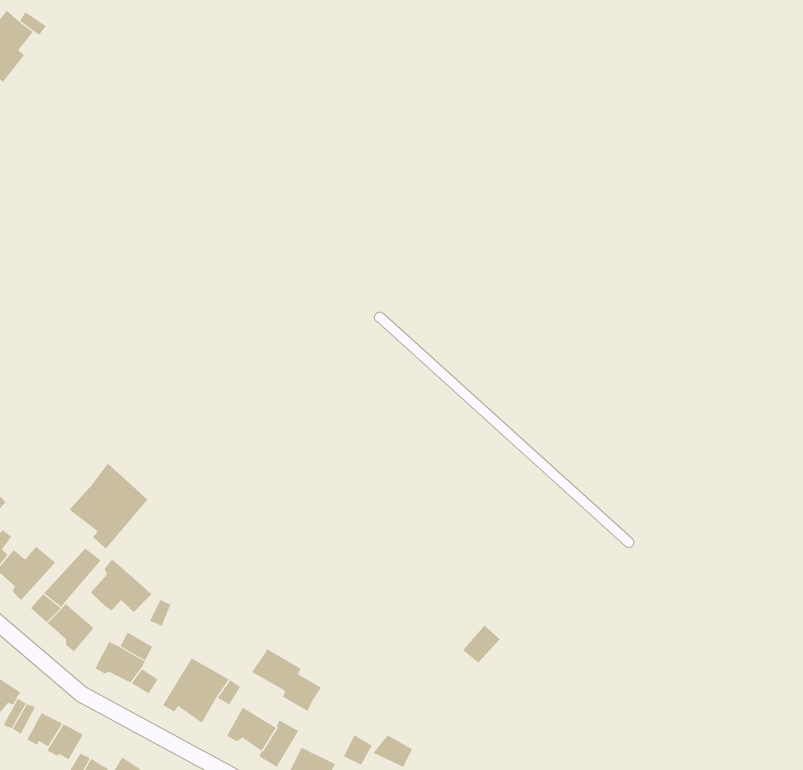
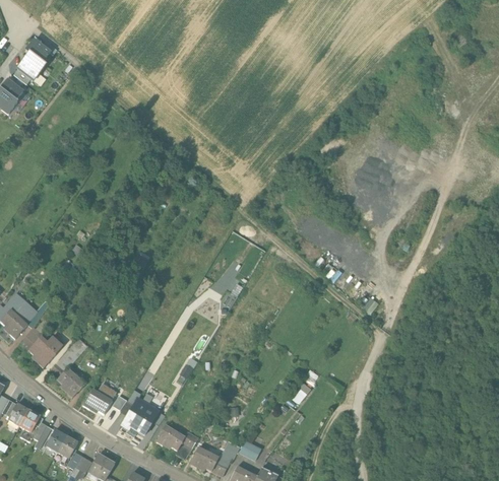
building: [69,463,148,550] -> none
building: [90,558,152,613] -> none
building: [252,648,322,712] -> none

